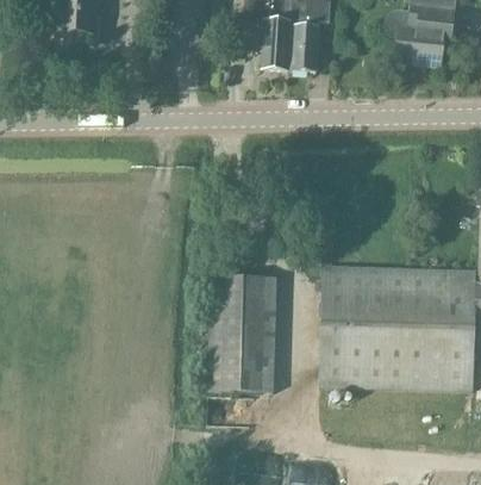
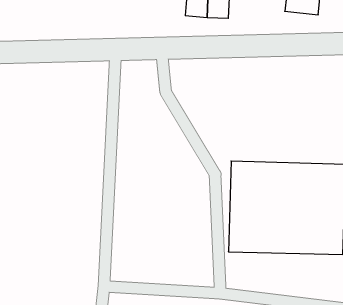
building: [207,274,277,392] -> none

